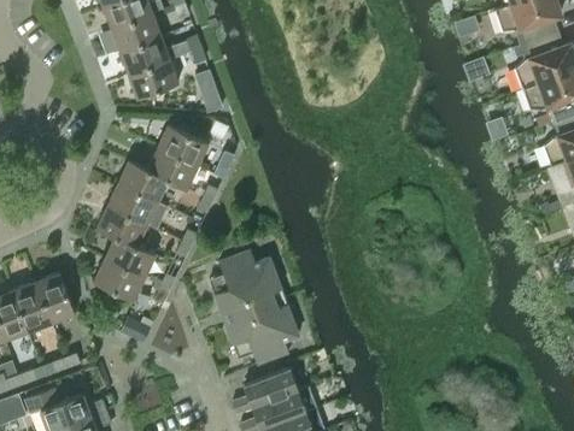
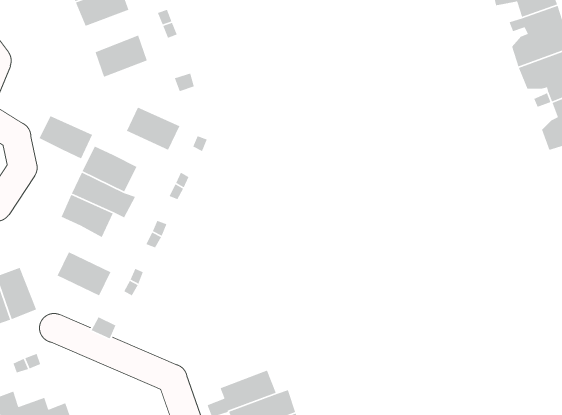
building: [121,36,178,75] -> none
building: [147,148,198,189] -> [38,115,93,159]
building: [105,236,156,278] -> none
building: [210,250,299,365] -> none

